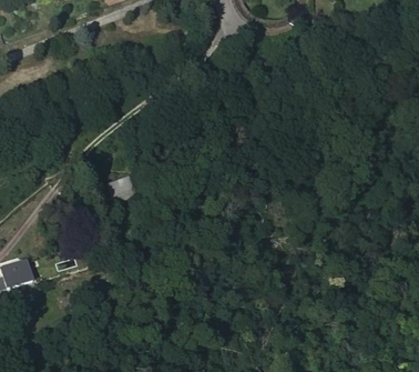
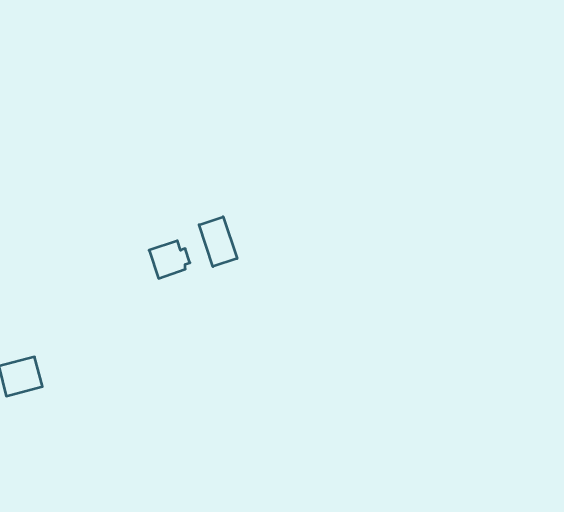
building: none -> [199,217,237,267]

